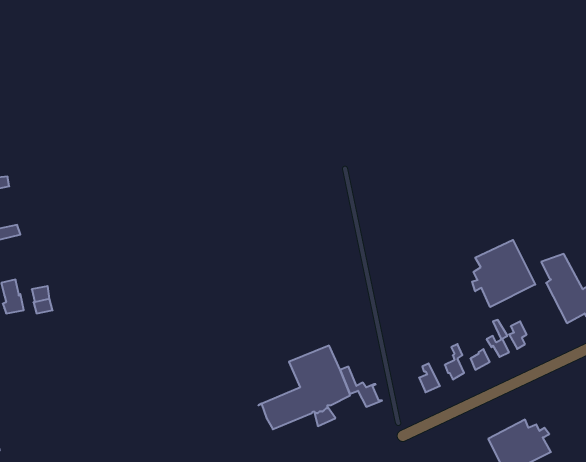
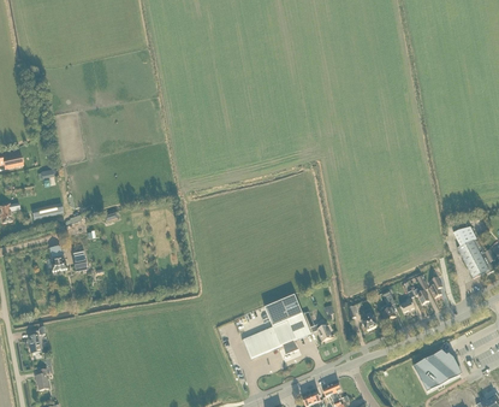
building: [472,240,535,307] -> none

